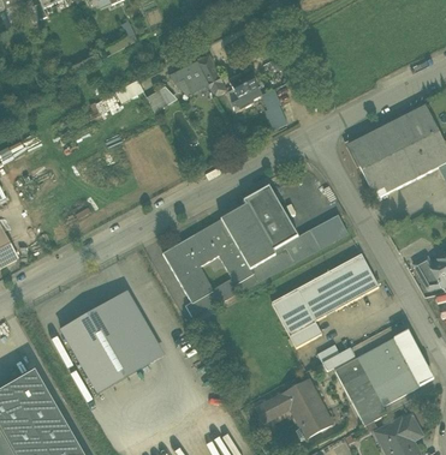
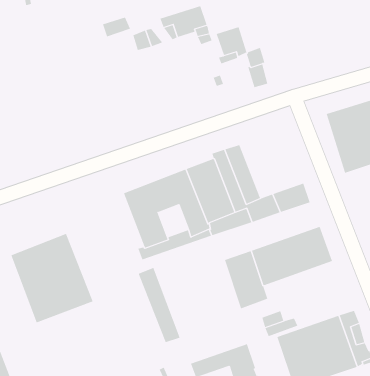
building: [113,291,165,363] -> [138,267,181,343]

